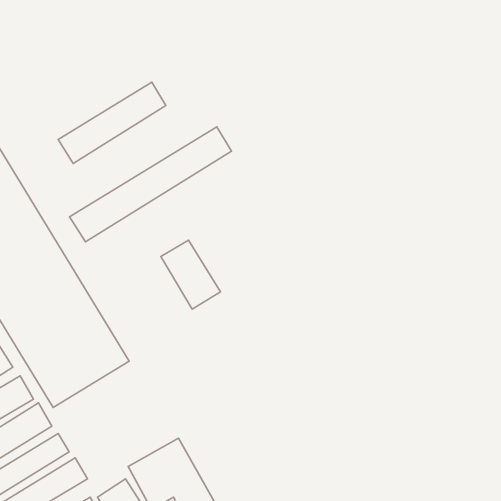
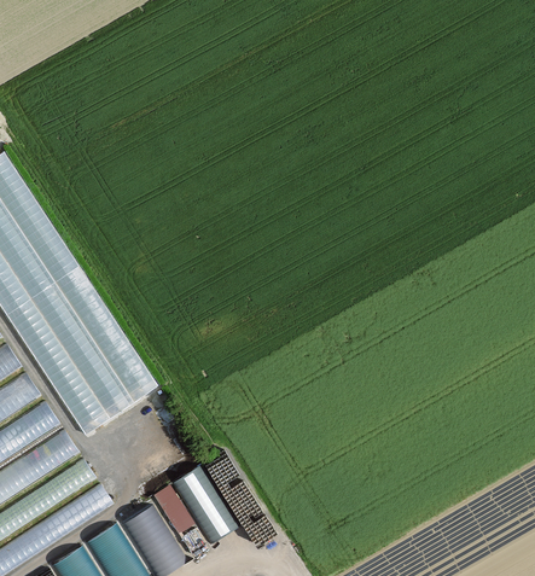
building: [58,82,166,163] -> none
building: [69,127,231,242] -> none
building: [161,240,220,309] -> none

